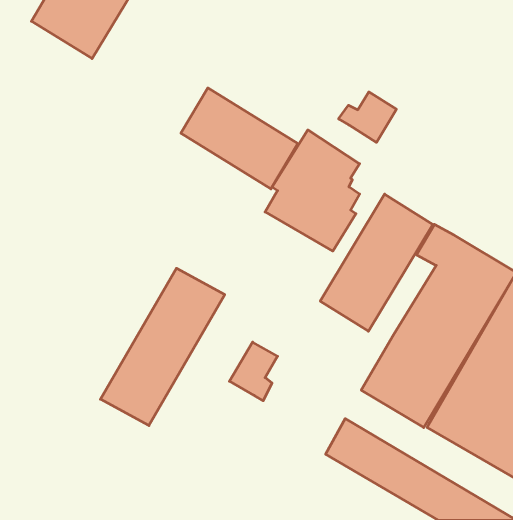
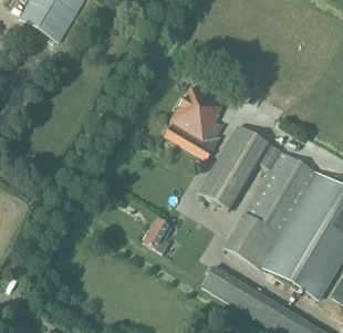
building: [181,88,298,189] -> none
building: [339,92,396,142] -> none
building: [100,268,225,426] -> none

